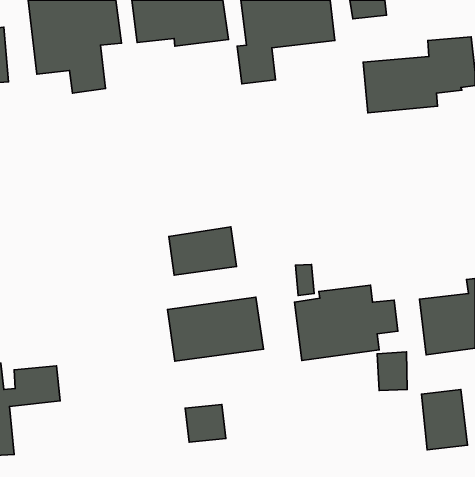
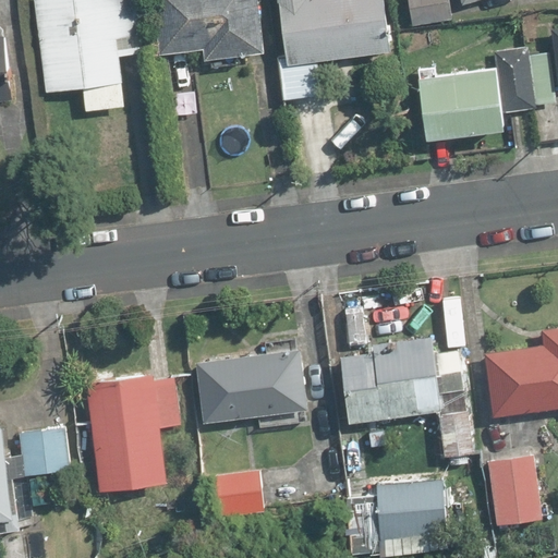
building: [169,227,236,275] -> none
building: none -> [85,372,180,488]
building: none -> [362,484,442,551]

